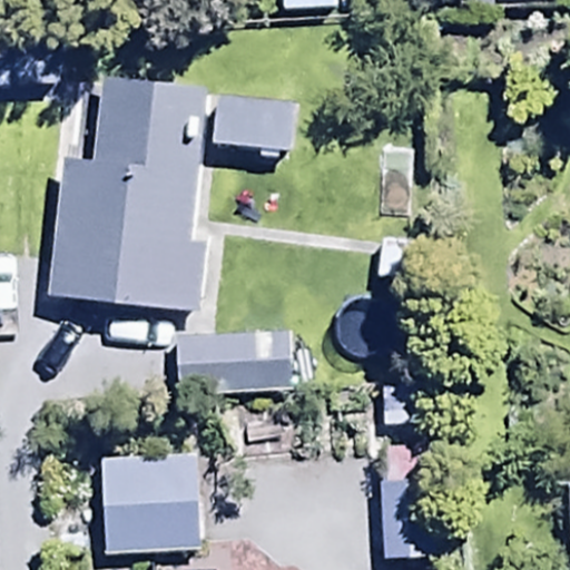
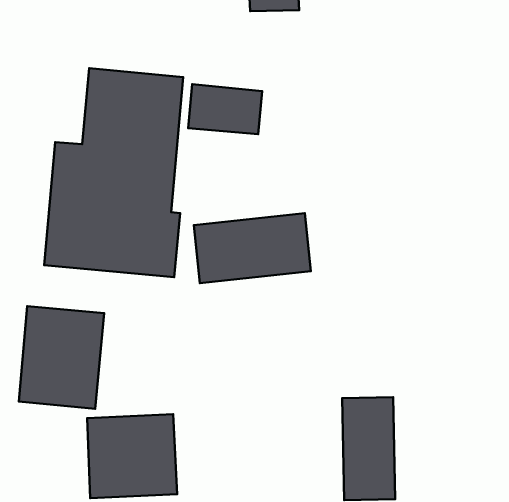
building: [173,323,303,401] -> [194,213,311,283]
building: none -> [19,306,104,409]

